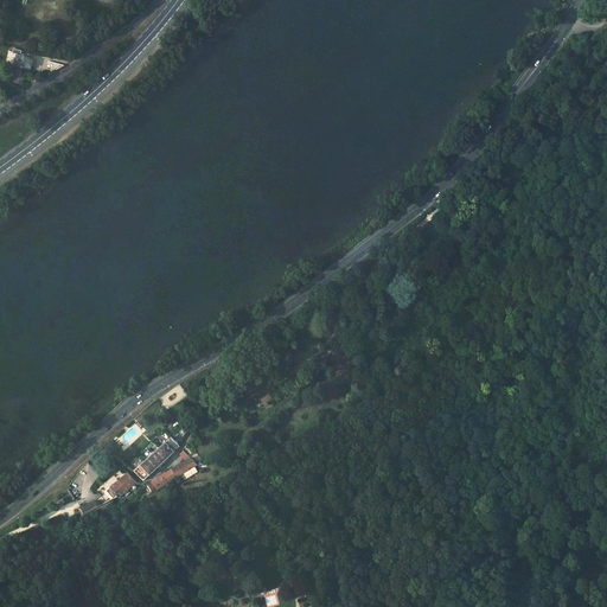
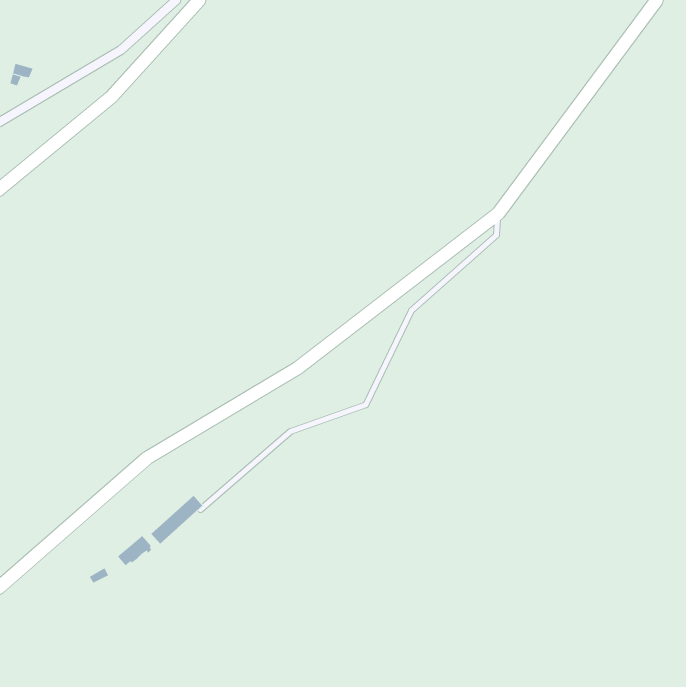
building: [148,449,196,490] -> none

